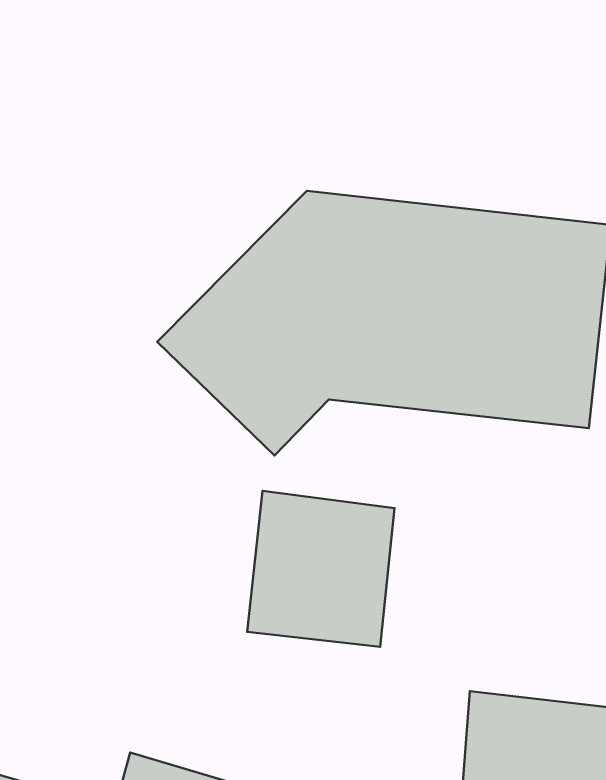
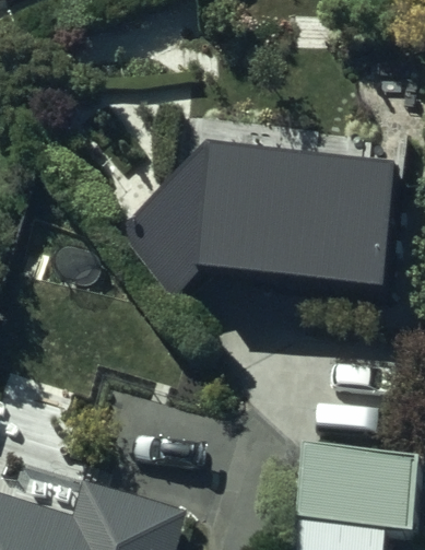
building: [247,491,395,647] -> none

